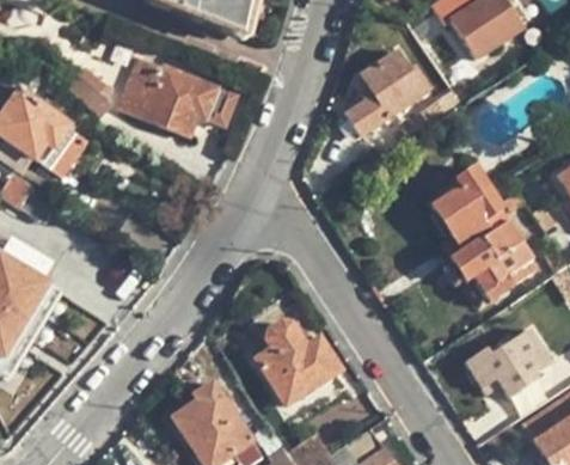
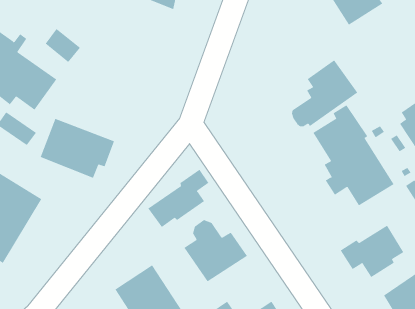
building: [339,49,430,140] -> [291,60,358,127]
building: [119,56,221,137] -> [40,118,115,178]
building: none -> [148,169,209,228]

